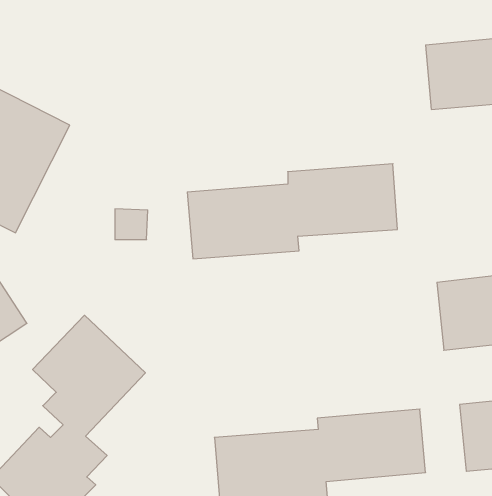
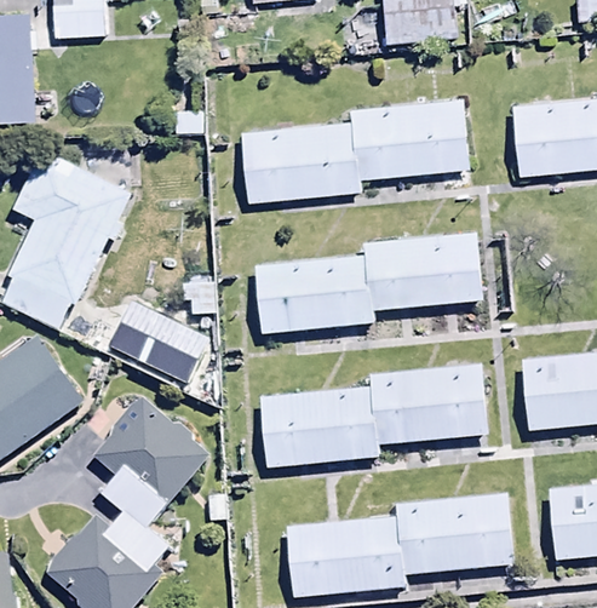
building: none -> [240,97,471,202]
building: none -> [119,306,213,405]
building: none -> [262,365,487,468]

